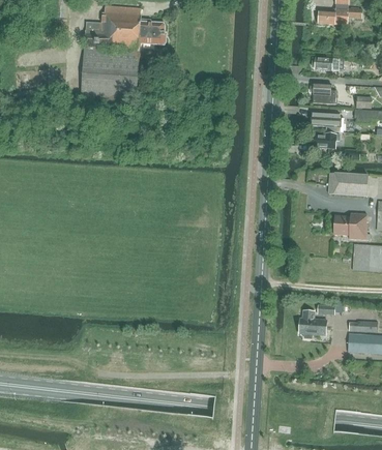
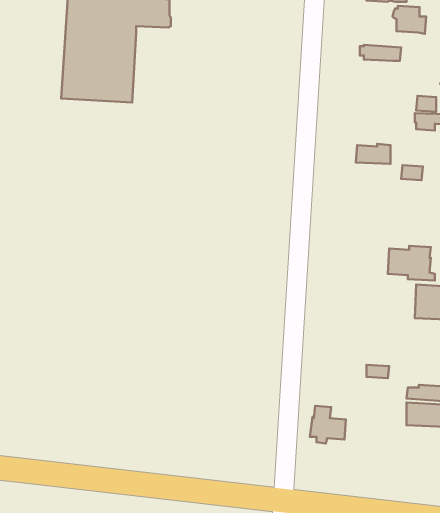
building: [310,83,335,104] -> [393,6,426,34]
building: [311,113,341,132] -> none
building: [327,173,368,196] -> none
building: [298,310,326,339] -> [310,406,346,443]

